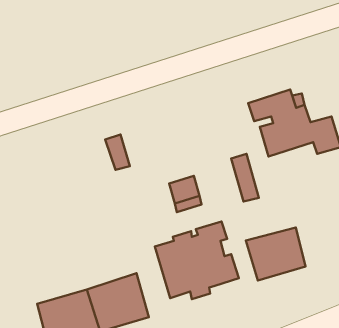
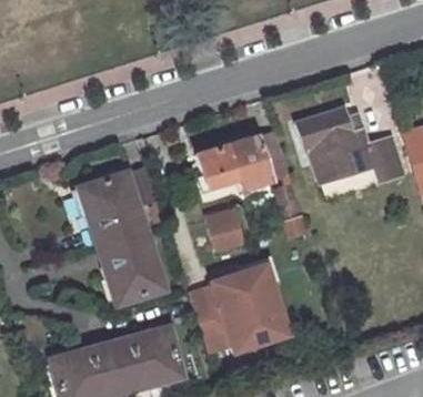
building: none -> [198,131,291,197]
building: none -> [79,170,164,302]
building: [246,228,305,281] -> none

